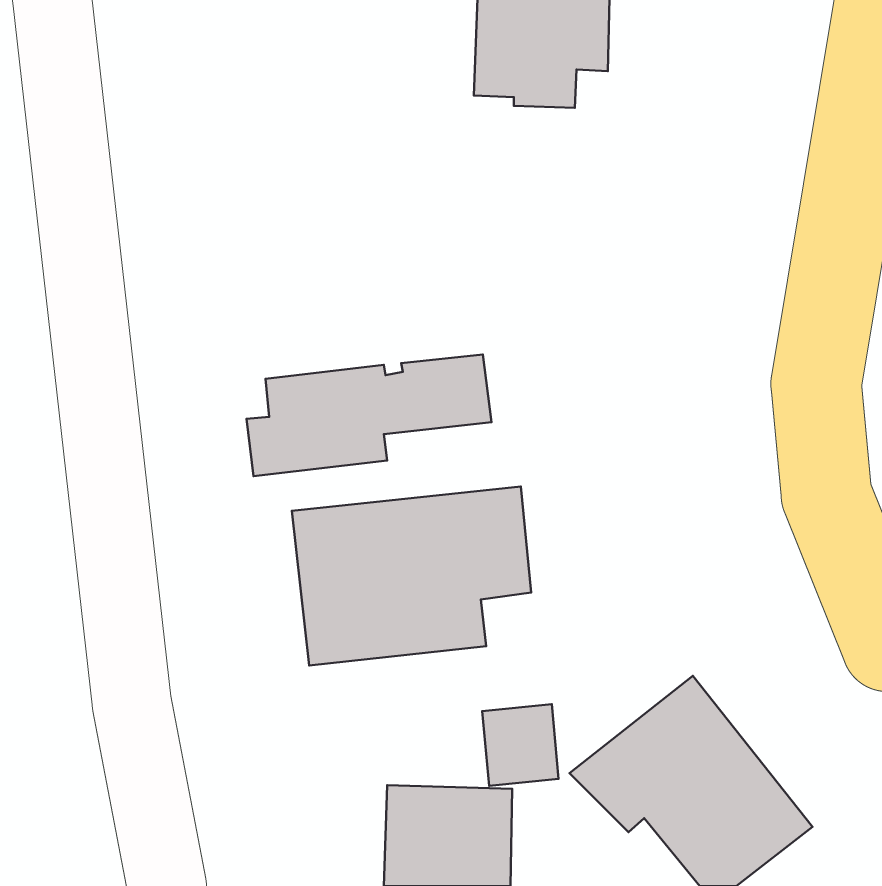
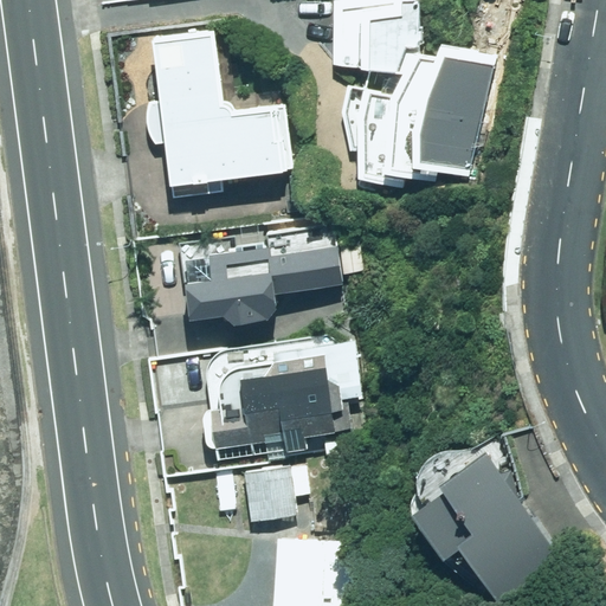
building: none -> [160,28,291,187]
building: none -> [341,46,499,186]
building: [482,704,559,786] -> [246,464,298,520]

